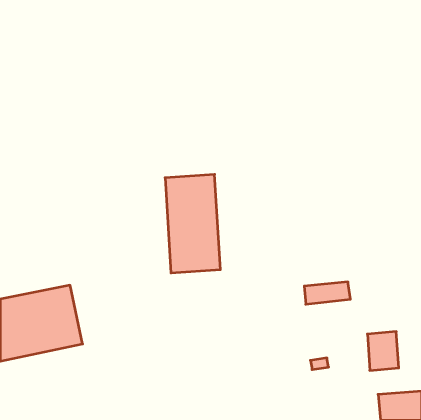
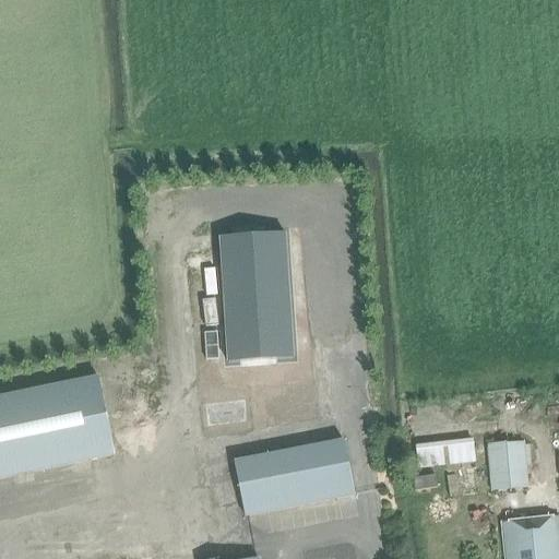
building: [304,282,350,304] -> [415,437,476,466]
building: none -> [235,437,355,514]

